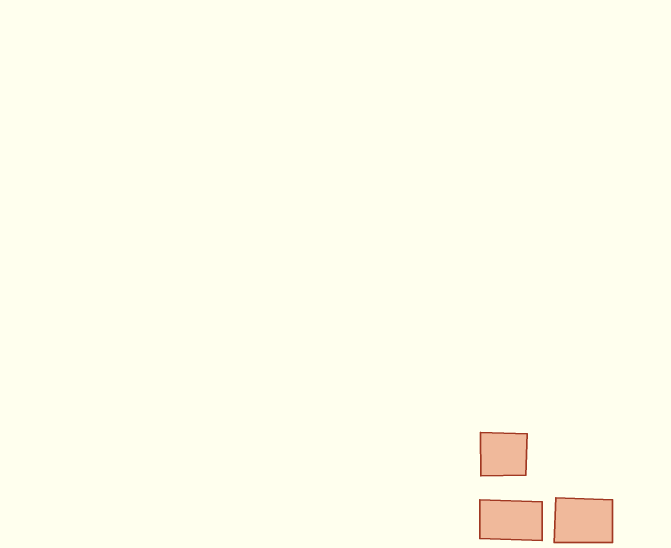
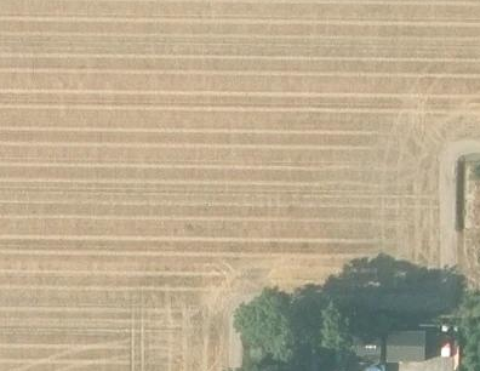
building: [480,433,527,476] -> none

